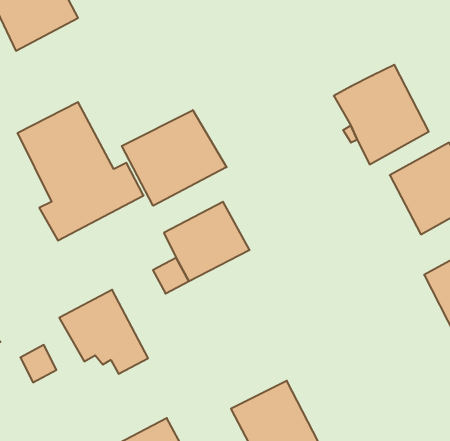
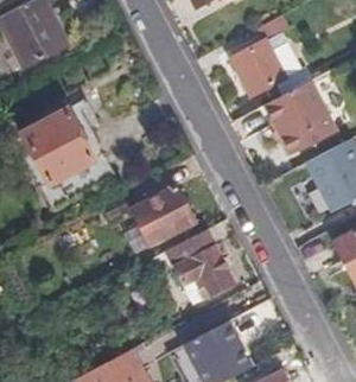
building: none -> [230,40,300,96]
building: [122,110,227,206] -> none
building: [59,290,148,374] -> [165,229,233,293]

